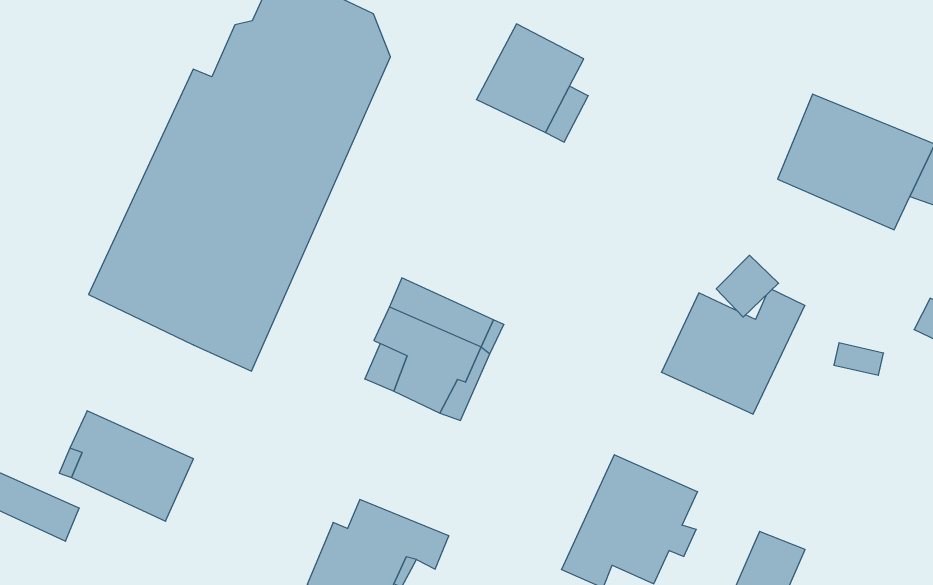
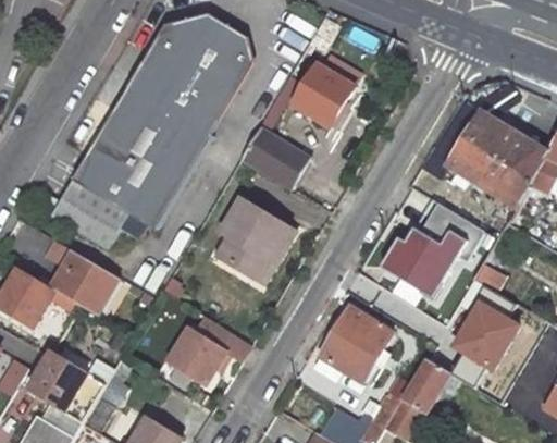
building: none -> [247,130,313,187]
building: none -> [47,184,123,254]
building: none -> [442,282,517,371]

